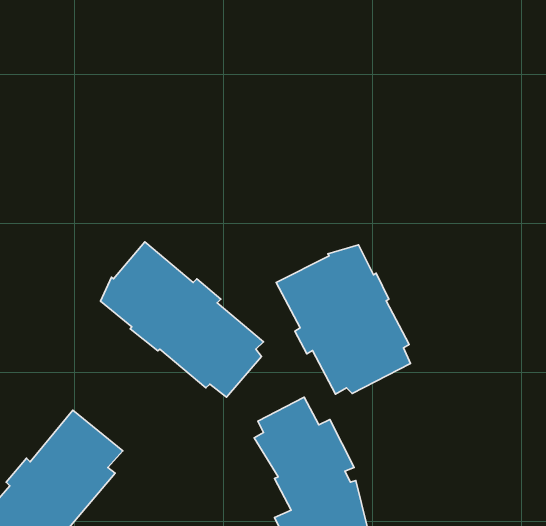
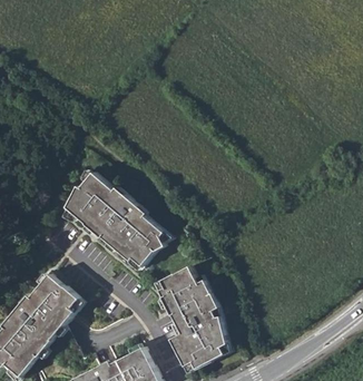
building: [276,245,411,394] -> none

